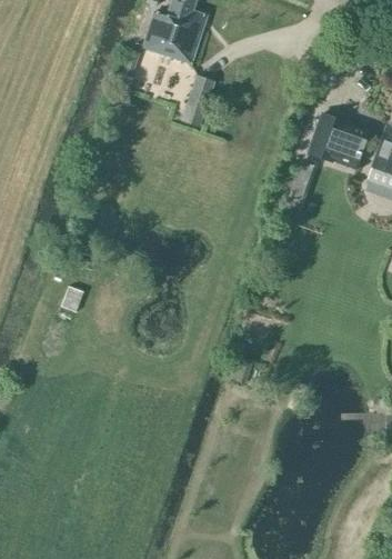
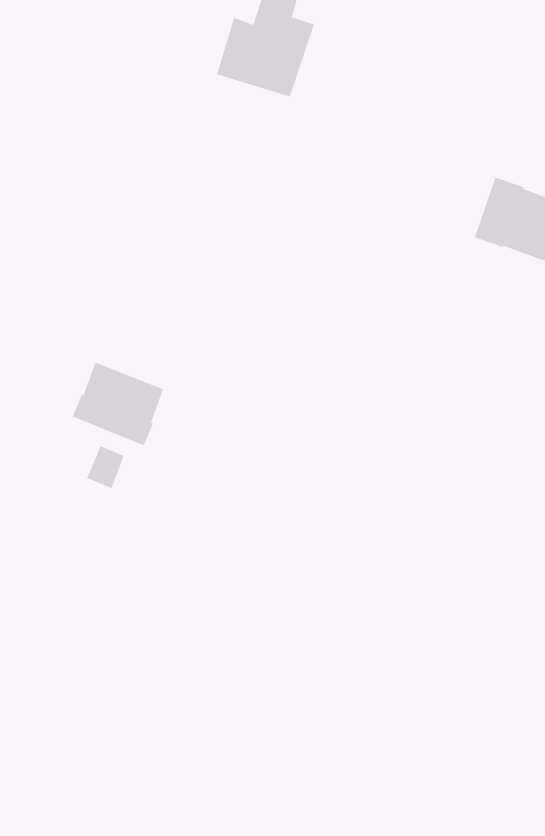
building: [180,76,213,129] -> none
building: none -> [72,362,164,446]

